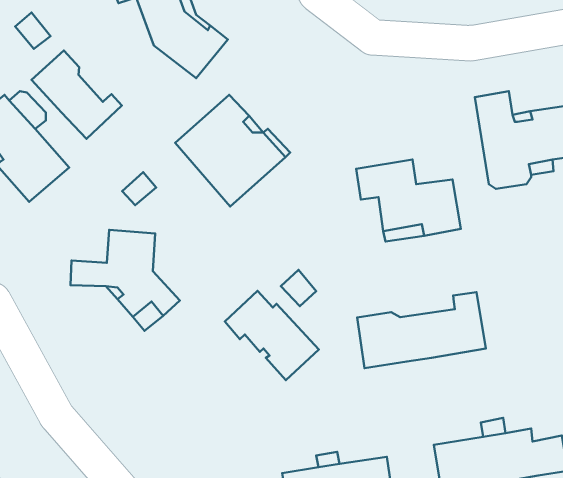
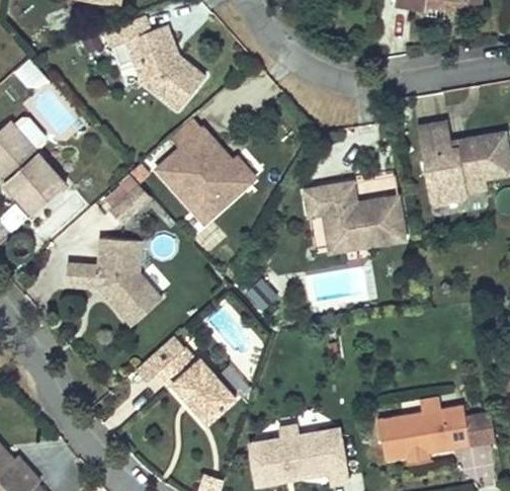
building: [32,51,122,139] -> none
building: [225,291,319,380] -> [154,347,235,424]
building: [357,292,486,368] -> none

